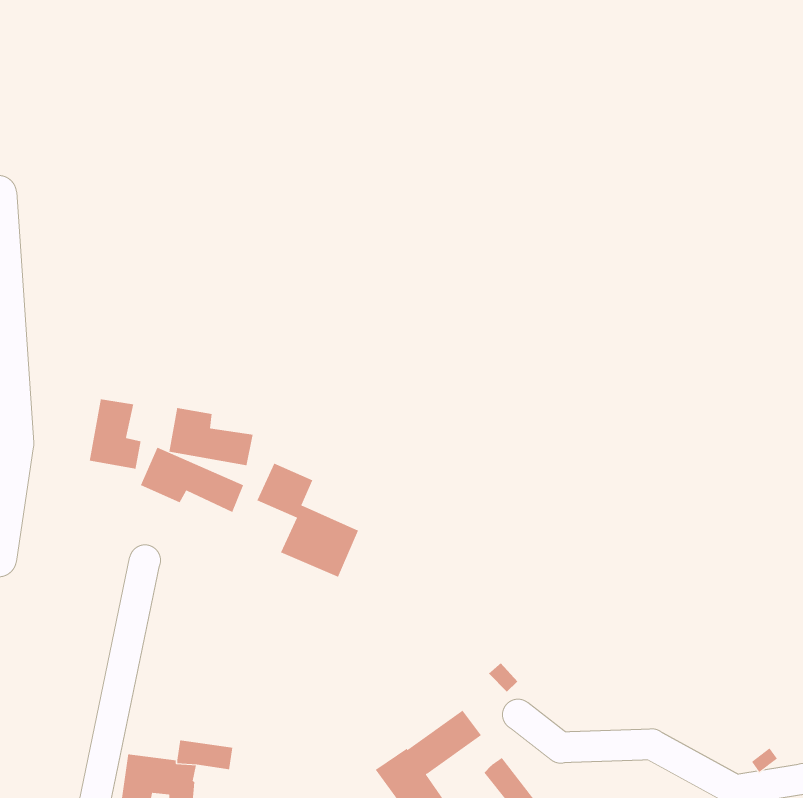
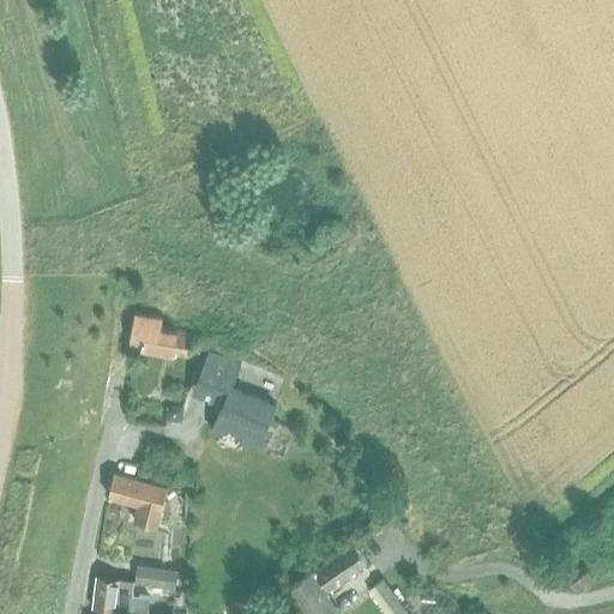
building: [89,398,141,470] -> none
building: [140,447,244,513] -> none
building: none -> [107,476,167,530]

